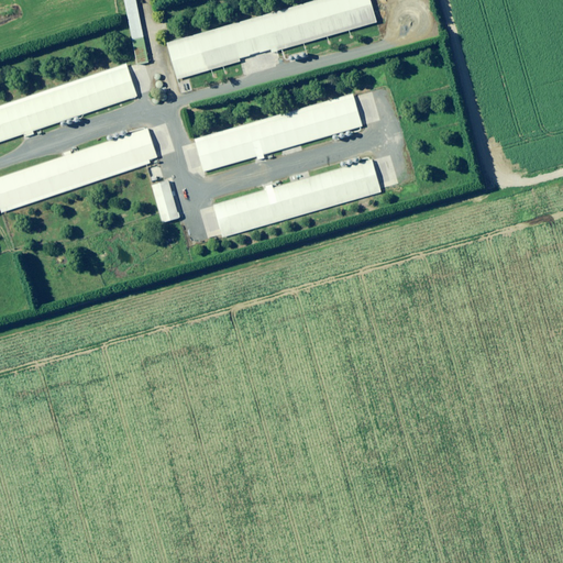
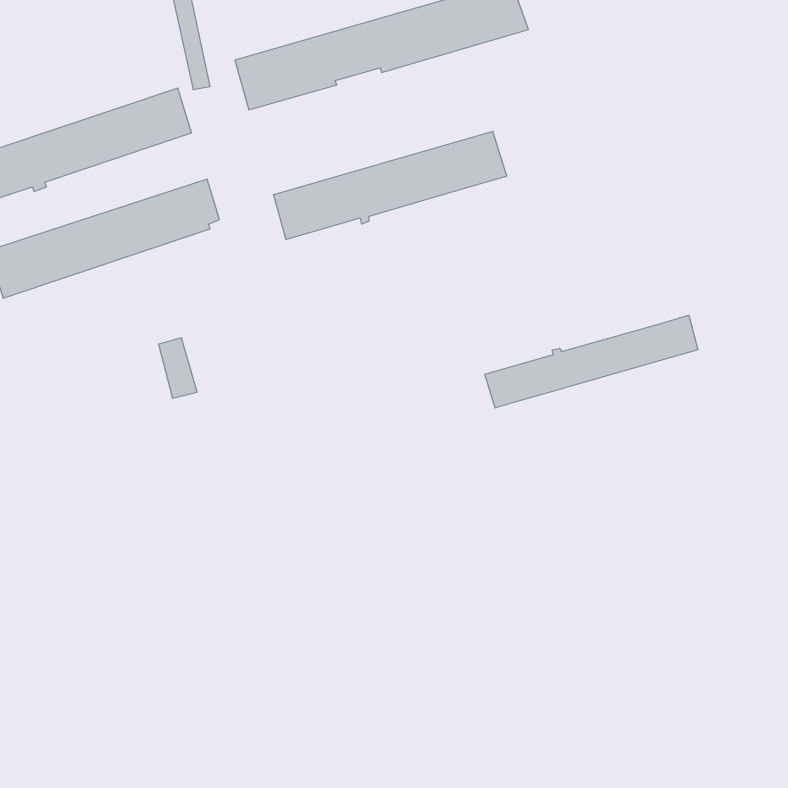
building: [213,159,379,236] -> none
building: [152,179,179,222] -> [158,338,197,398]
building: none -> [485,315,698,408]

